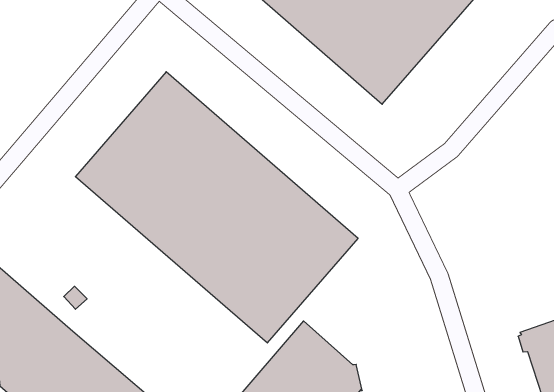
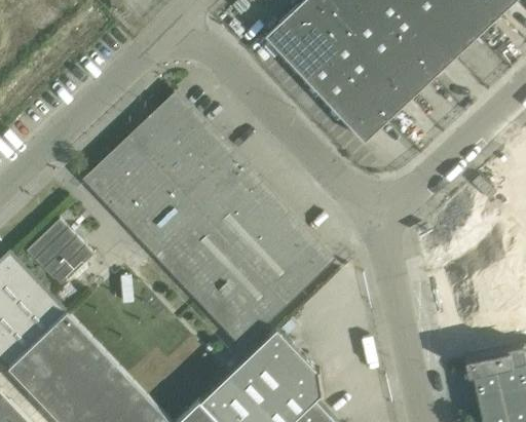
building: none -> [25,220,93,287]

